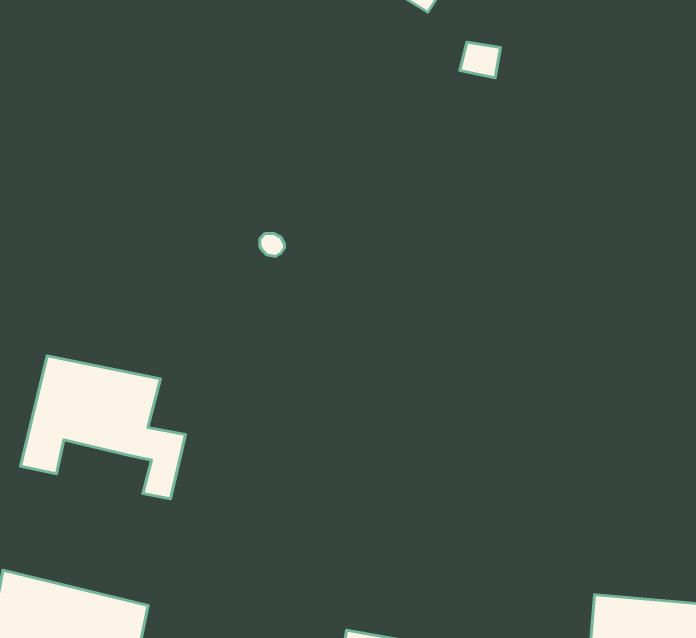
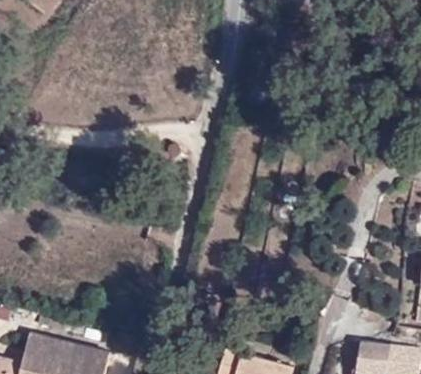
building: [21,356,186,499] -> none

